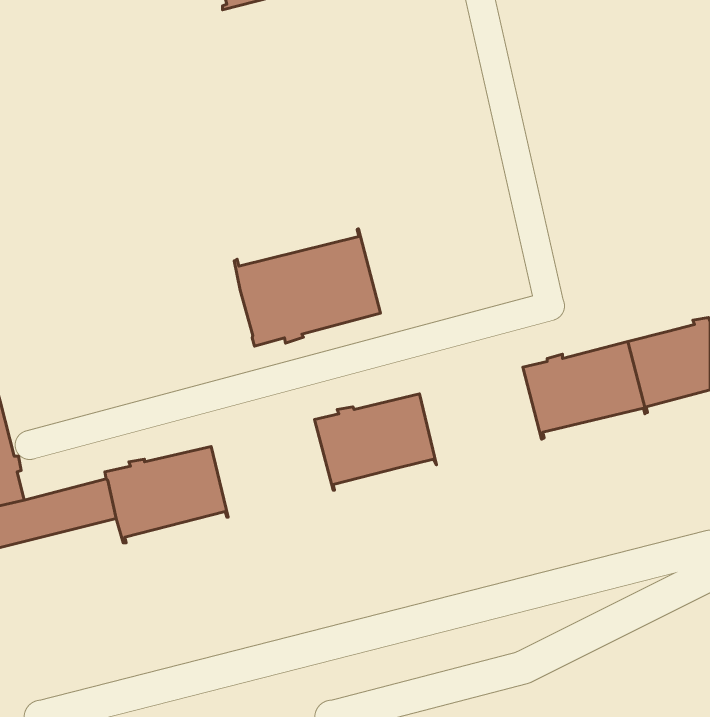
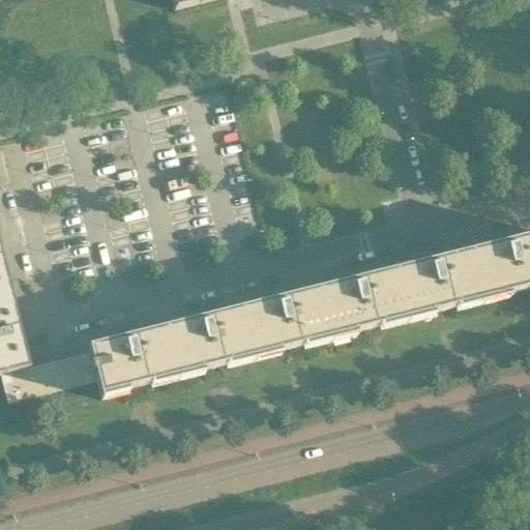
building: [234,229,381,346] -> none
building: none -> [306,268,395,340]
building: none -> [154,306,243,378]

